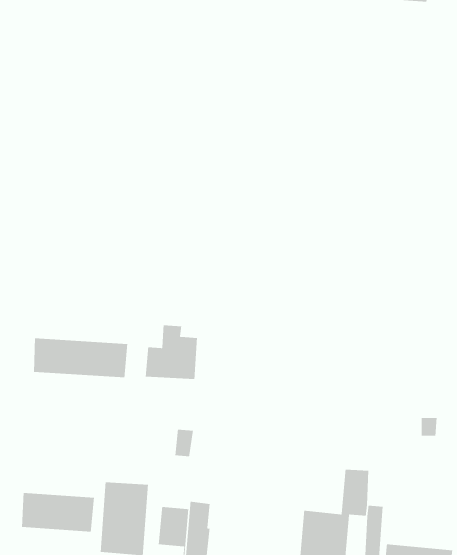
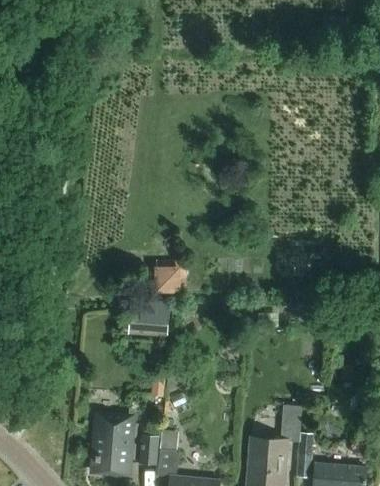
building: none -> [155,261,185,290]
building: [33,338,128,378] -> none
building: [21,492,95,532] -> none

